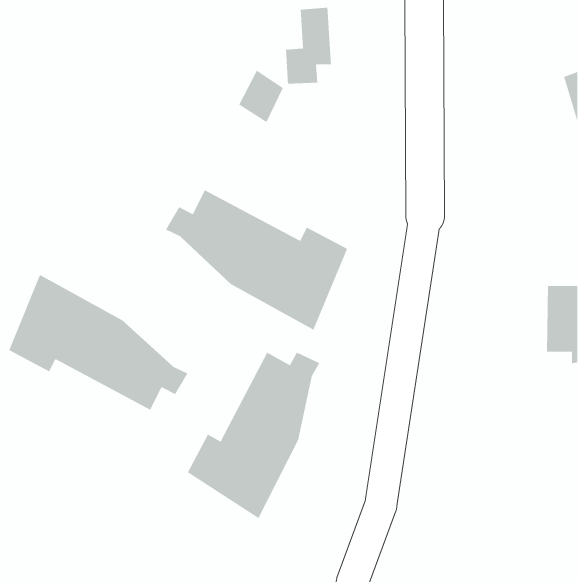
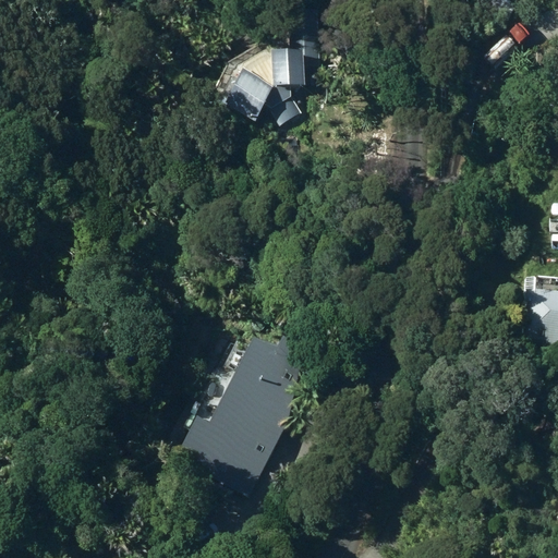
building: [165,189,348,331] -> none
building: [8,274,188,411] -> none

